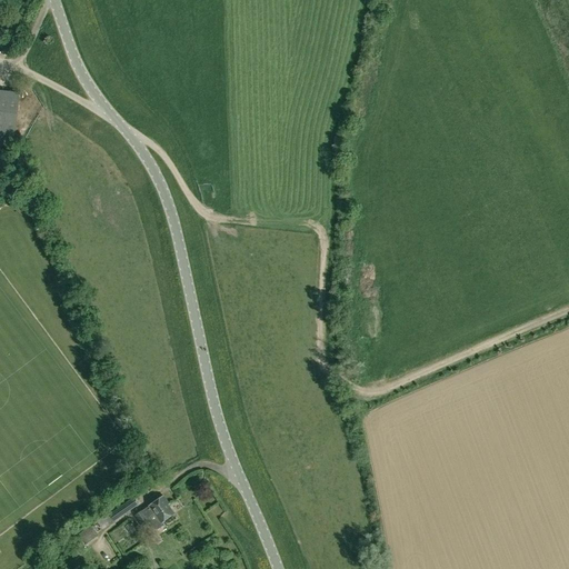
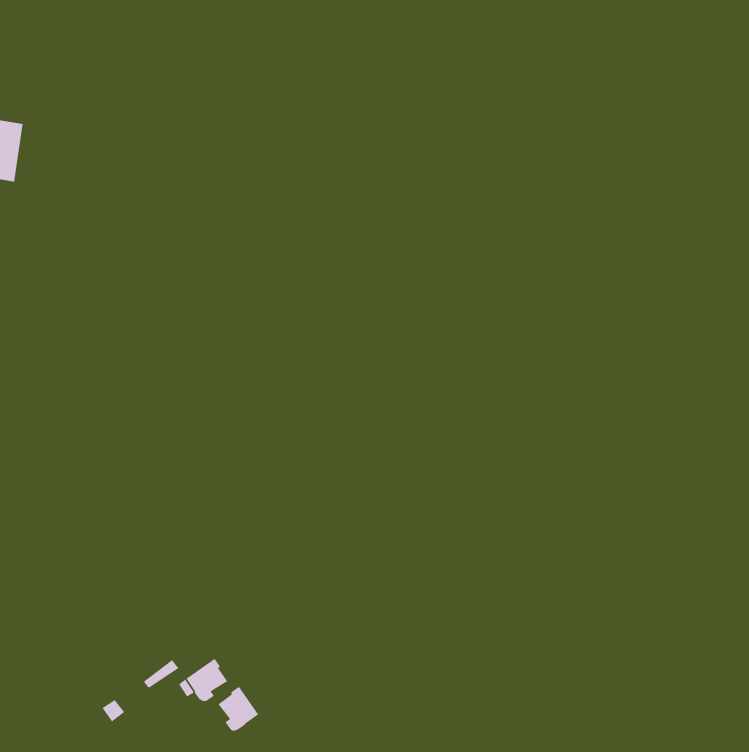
building: none -> [217,686,259,731]

